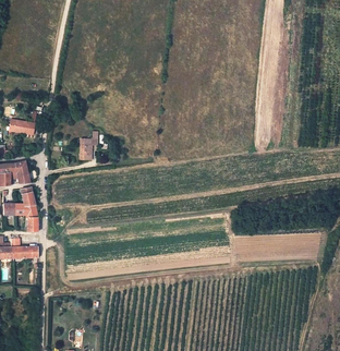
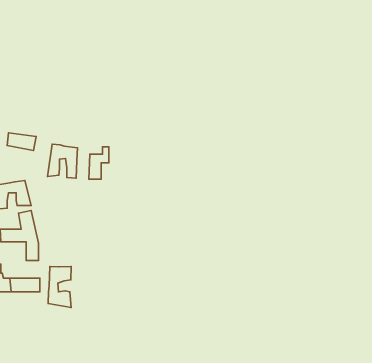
building: none -> [47,144,78,178]
building: none -> [48,267,71,308]

